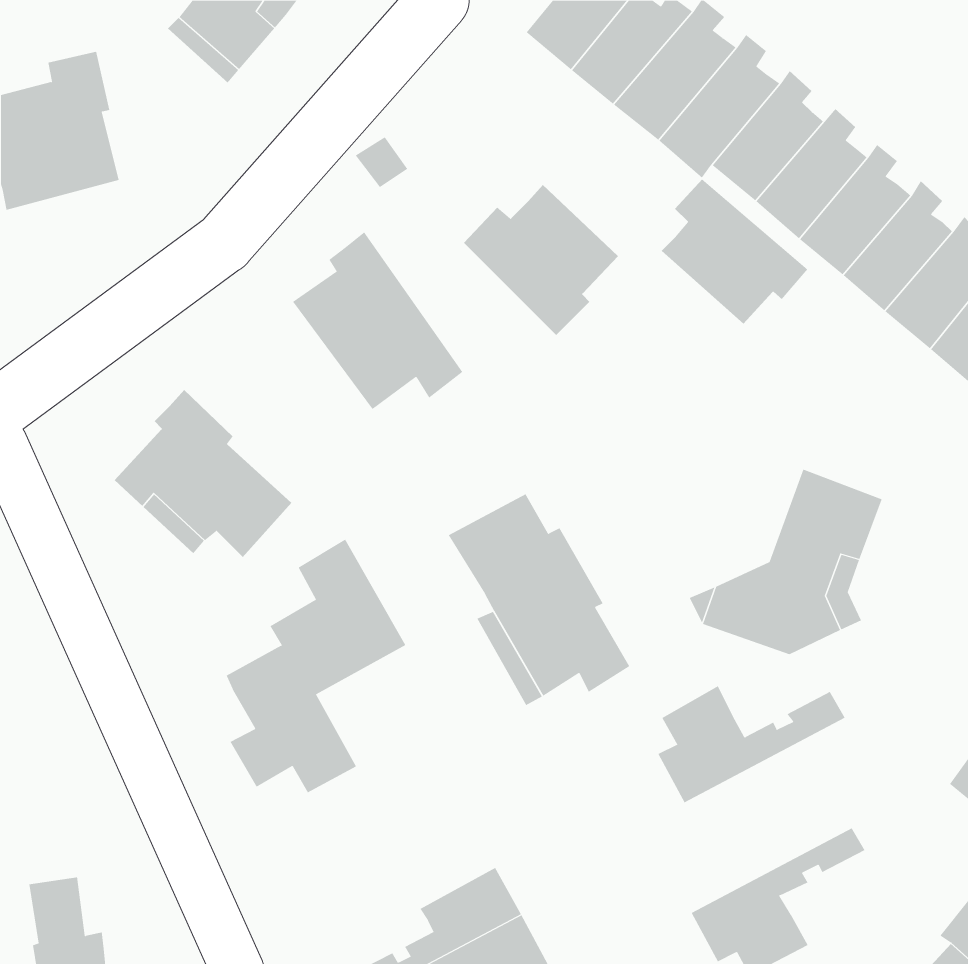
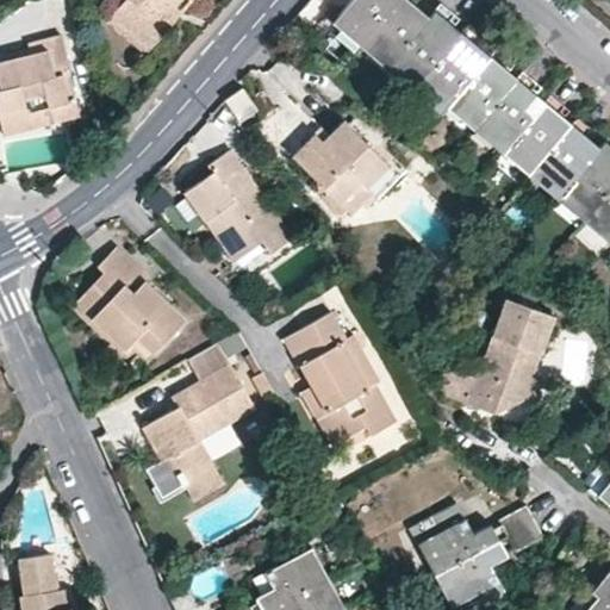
building: [661,178,808,325] -> none
building: [658,686,845,803] -> [418,503,536,577]

